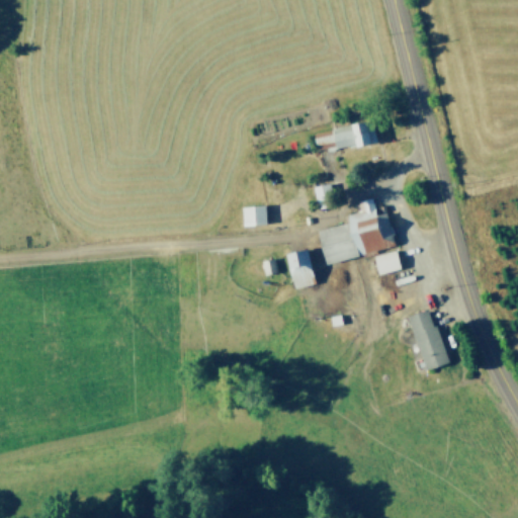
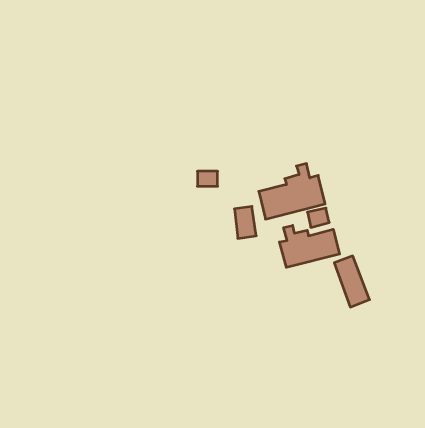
building: [316,121,378,153] -> none
building: none -> [279,225,340,267]

